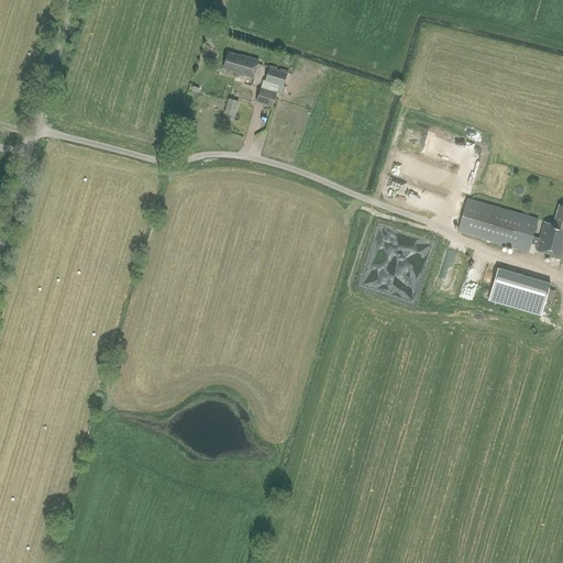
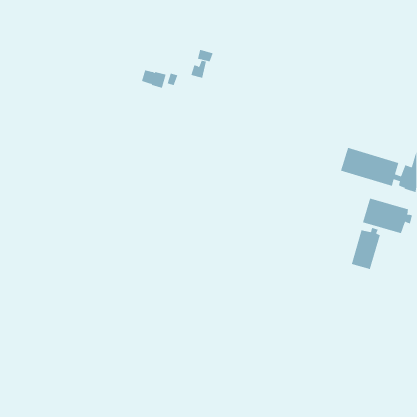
building: [223,52,257,77] -> [141,70,167,89]
building: none -> [351,227,381,270]

